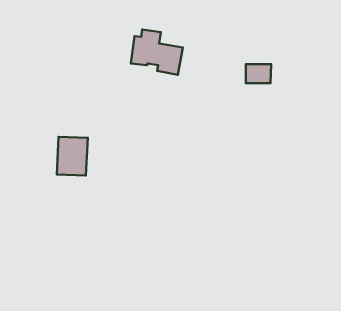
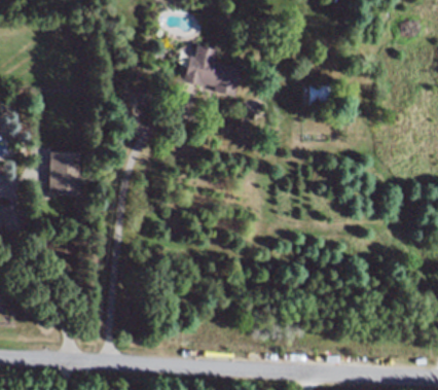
building: [57,137,88,176] -> [49,152,83,194]

